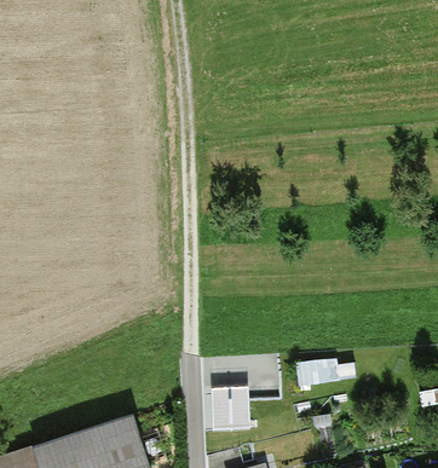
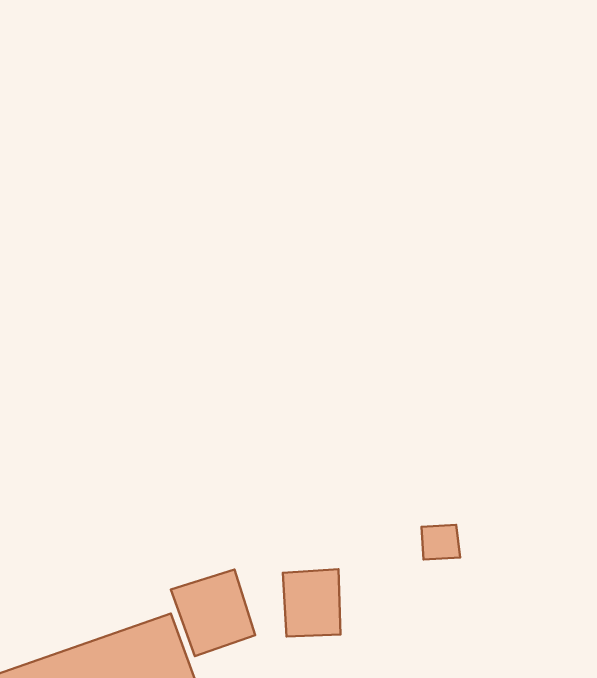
building: none -> [171,569,255,656]

